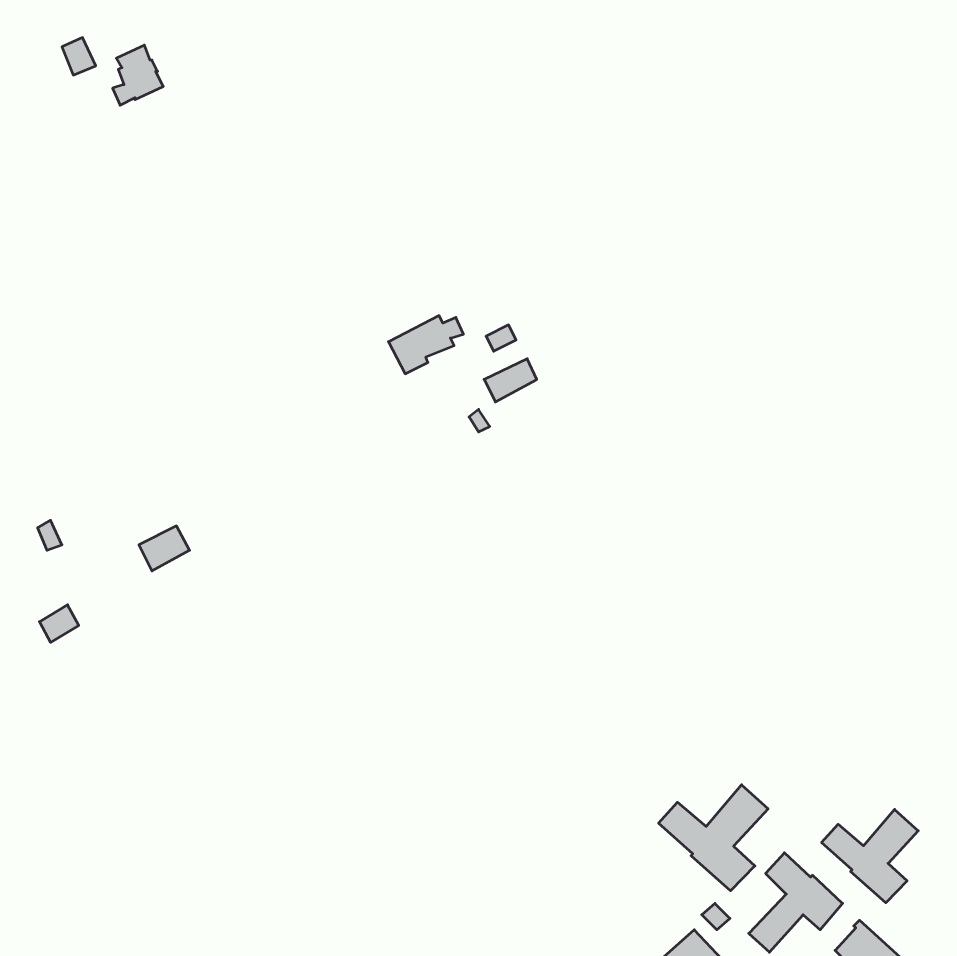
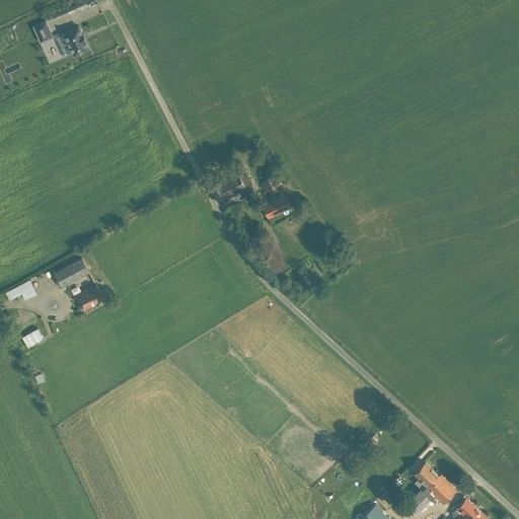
building: none -> [55,260,90,289]
building: [659,785,768,891] -> none
building: [822,809,918,903] -> none

